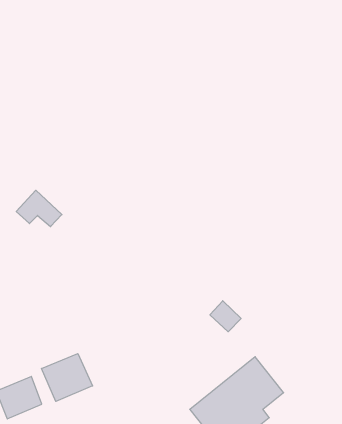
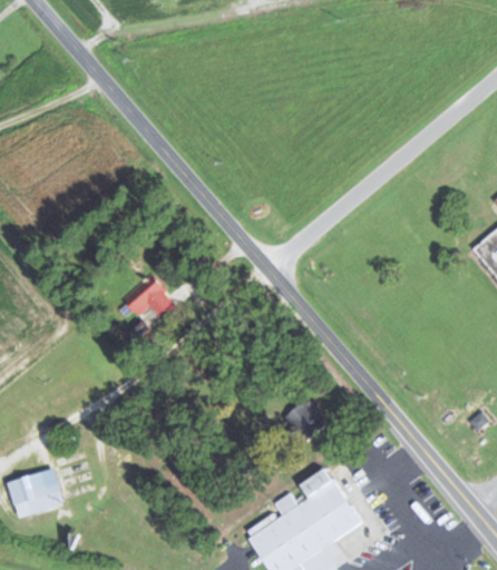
building: [16,190,62,227] -> [121,272,177,318]
building: [42,354,93,401] -> none

